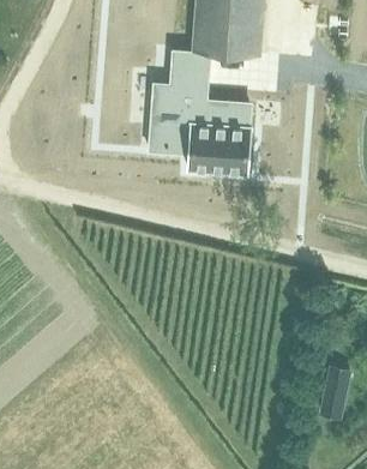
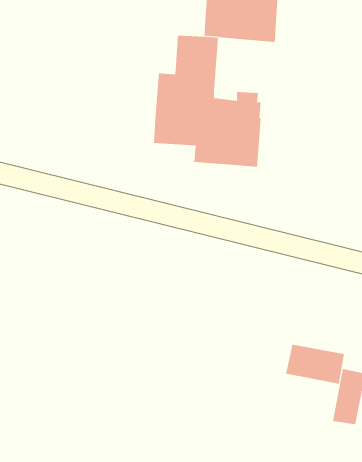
building: none -> [286,344,344,384]

